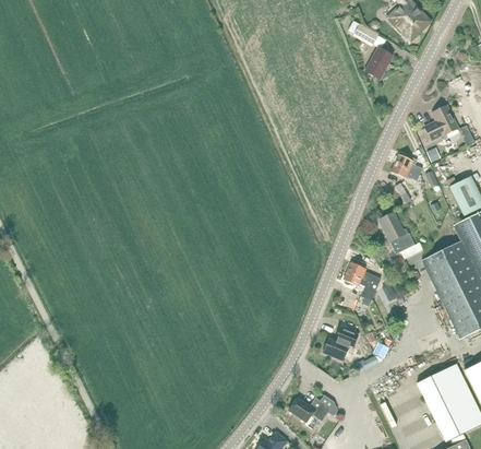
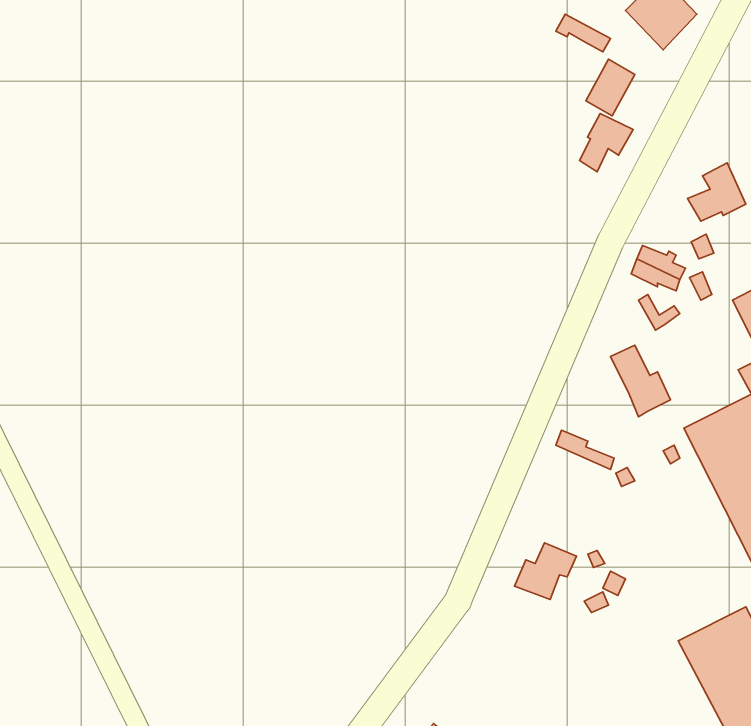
building: none -> [579,114,633,172]
building: [342,270,378,302] -> none
building: [288,395,336,422] -> none

